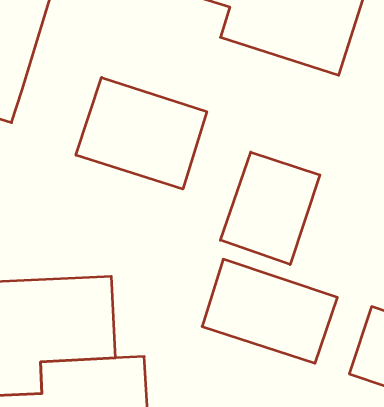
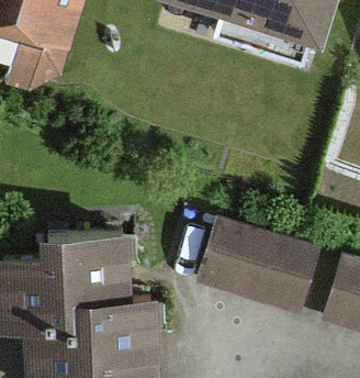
building: [76,77,207,189] -> none
building: [220,152,320,265] -> none

